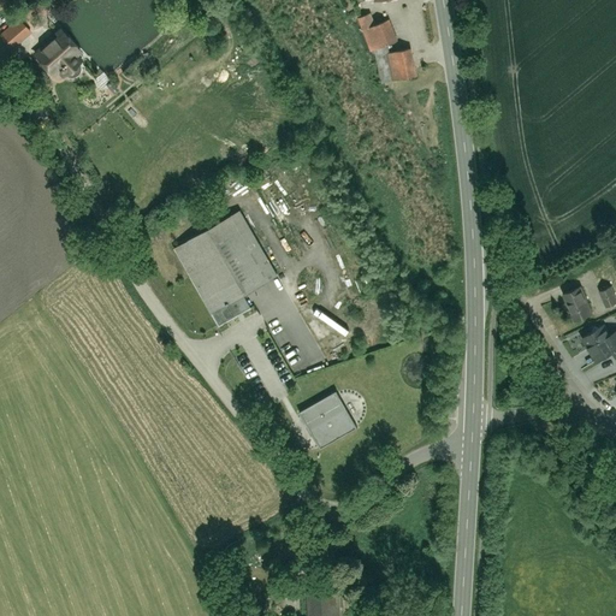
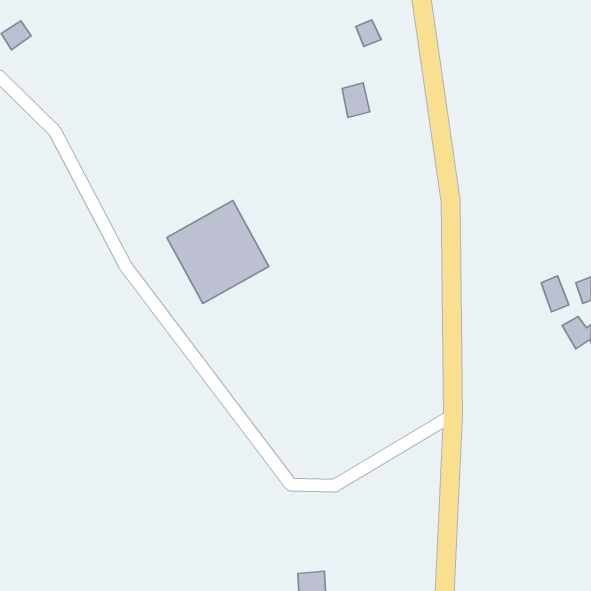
building: [35,34,77,76] -> none
building: [390,48,419,84] -> [342,83,370,118]
building: [298,391,360,451] -> none

